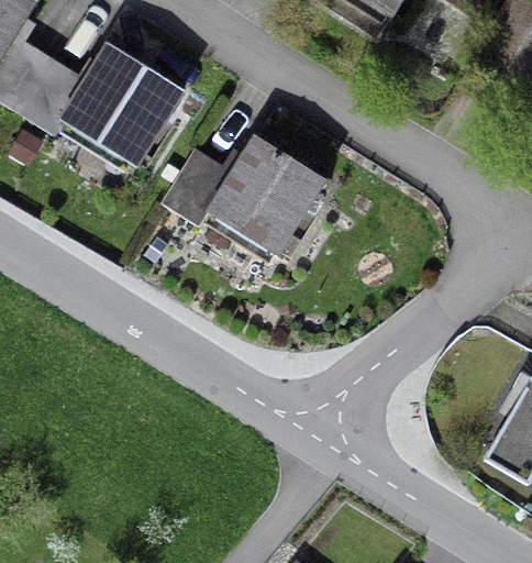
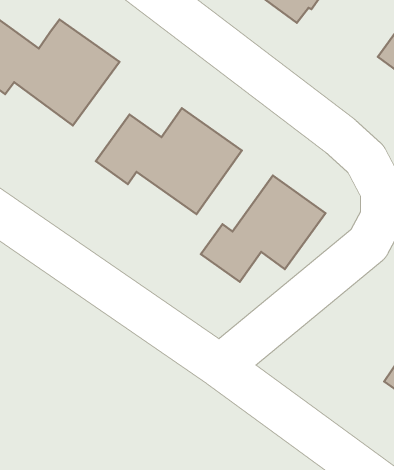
building: none -> [201,176,325,282]

